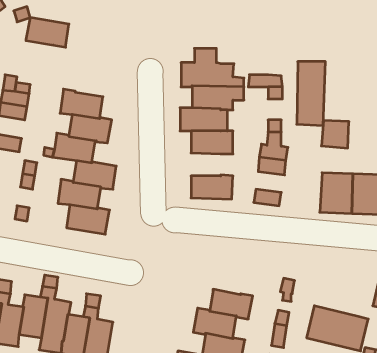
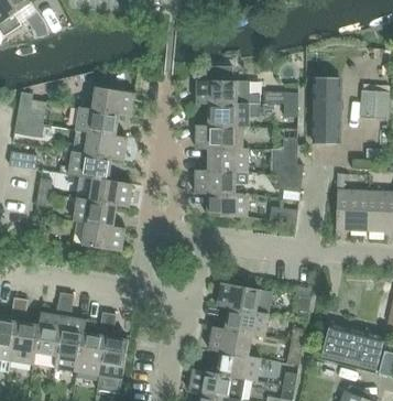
building: [26,18,69,47] -> [90,87,133,117]
building: [321,121,349,148] -> [357,91,384,119]
building: none -> [194,170,248,194]
building: none -> [216,282,272,314]

